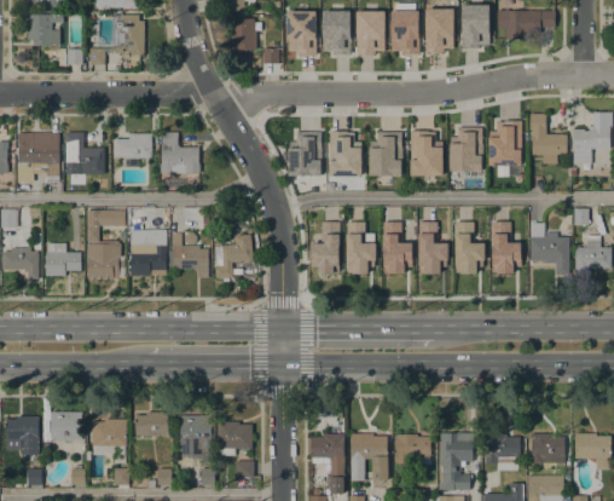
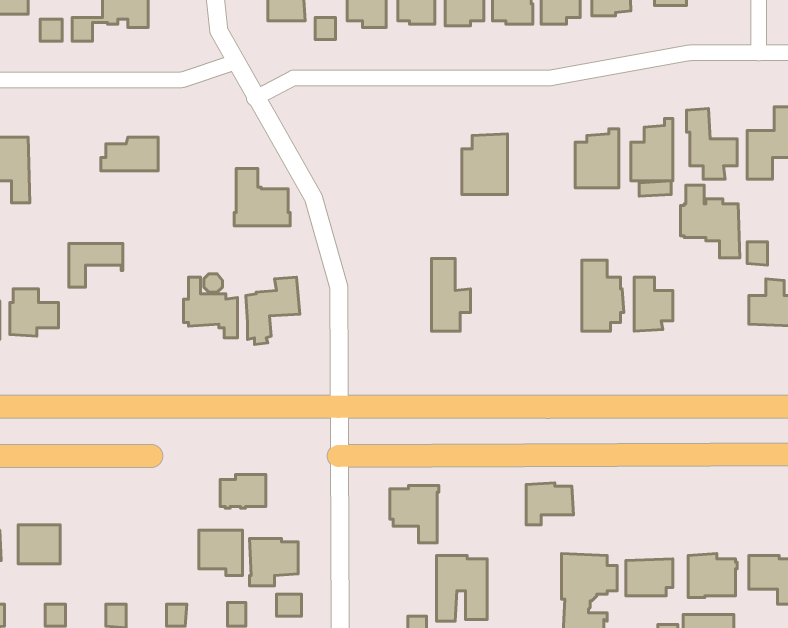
building: [410,129,442,173] -> none
building: [330,131,360,174] -> none
building: [65,132,110,173] -> none
building: [160,132,199,173] -> [234,169,290,226]
building: [289,132,320,174] -> none
building: [382,220,411,271] -> none
building: [418,220,447,272] -> none
building: [309,221,338,271] -> none
building: [527,223,569,275] -> [681,185,740,258]
building: [129,230,166,275] -> none
building: [86,241,124,280] -> none
building: [135,411,168,436] -> [220,475,266,508]
building: [92,419,127,445] -> none
building: [309,433,344,474] -> [390,486,439,543]
building: [396,433,430,463] -> [526,483,573,525]

